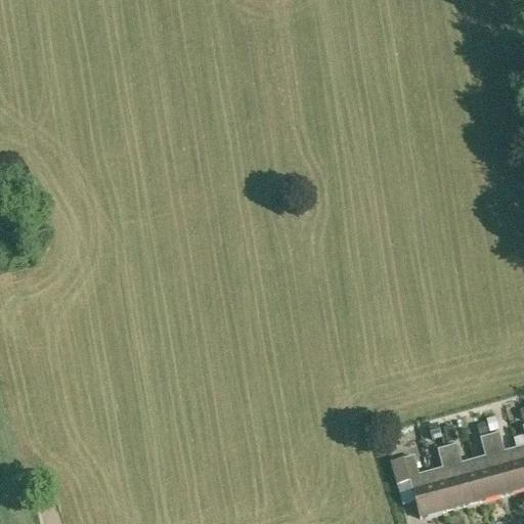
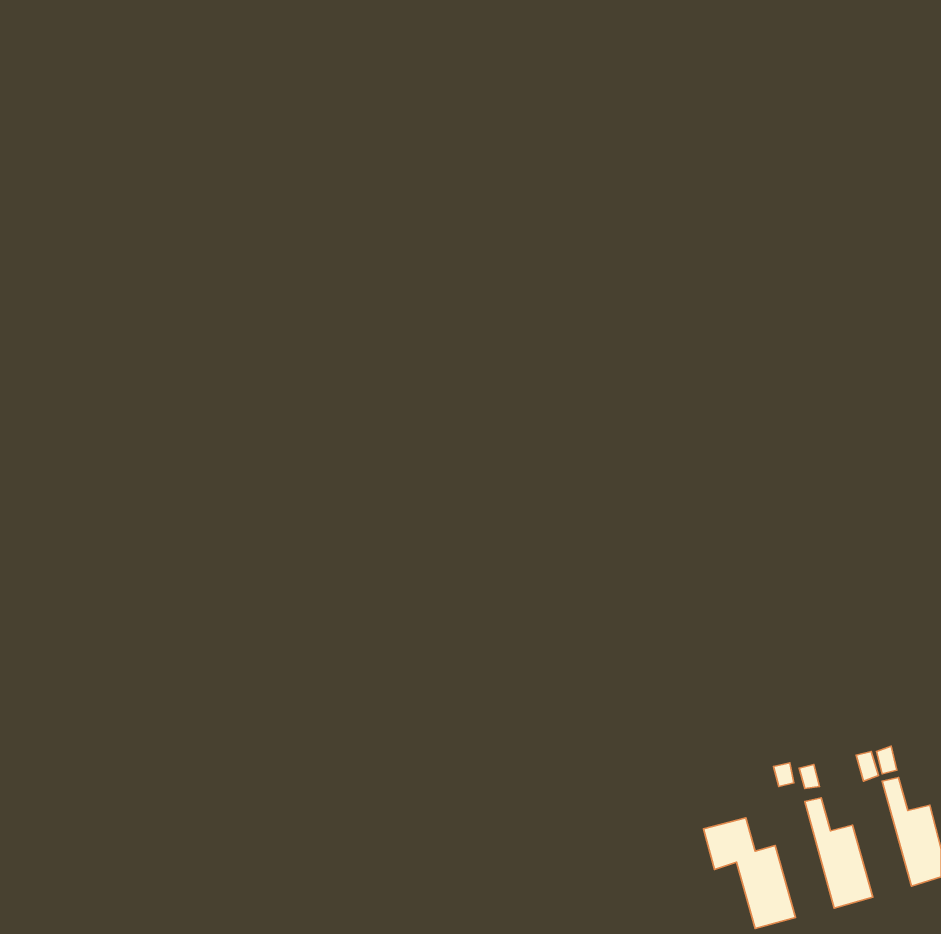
building: [474,434,507,498] -> none
building: [431,445,464,510] -> none

